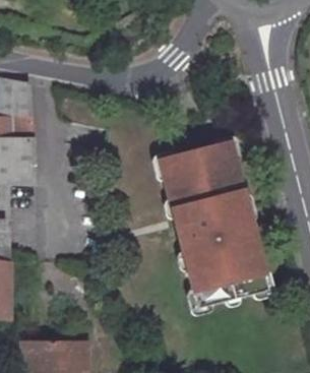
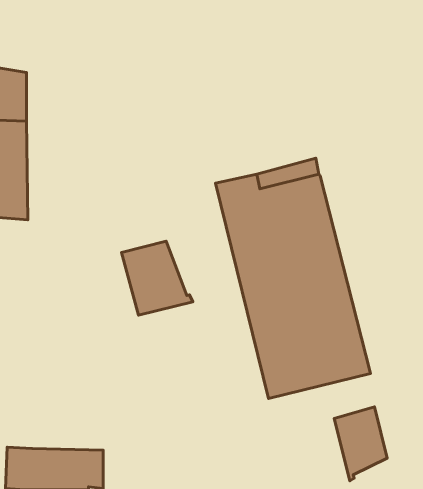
building: none -> [121,241,193,315]
building: none -> [334,407,387,481]

